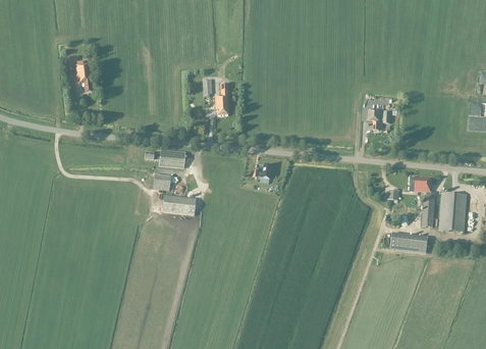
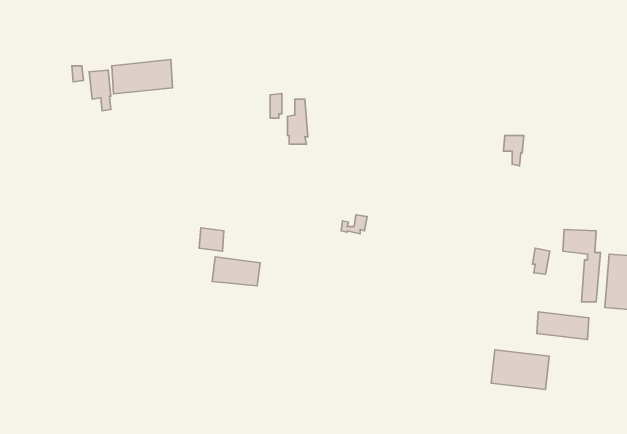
building: none -> [112,60,173,94]
building: [146,149,185,168] -> none
building: none -> [491,350,549,389]

